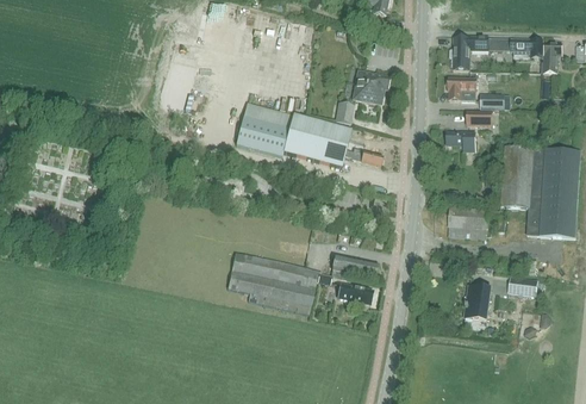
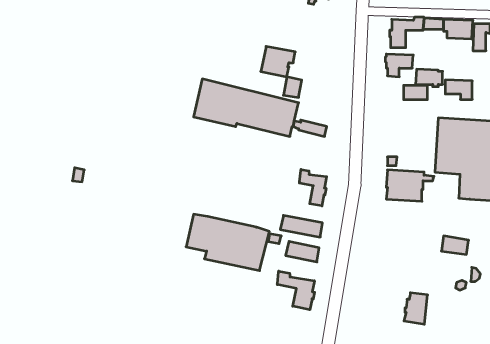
building: [353,72,391,105] -> [261,46,295,77]
building: [447,131,476,153] -> [445,80,472,99]
building: none -> [299,169,327,206]
building: [465,286,491,321] -> [404,293,428,324]
building: none -> [277,271,315,310]

